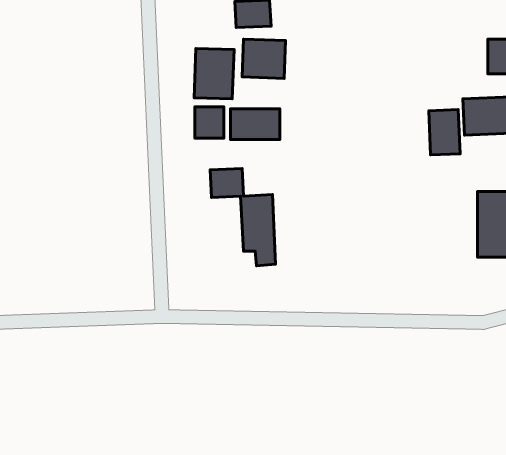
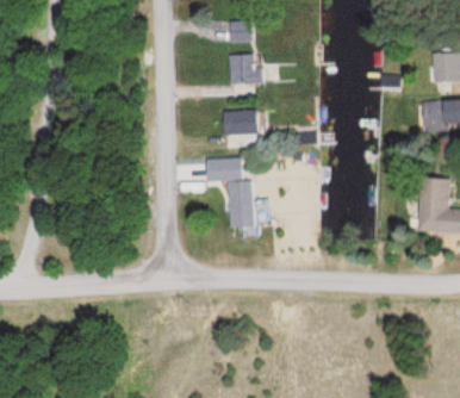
building: [194,48,234,99] -> none
building: [195,107,224,138] -> none
building: [429,109,460,155] -> none

